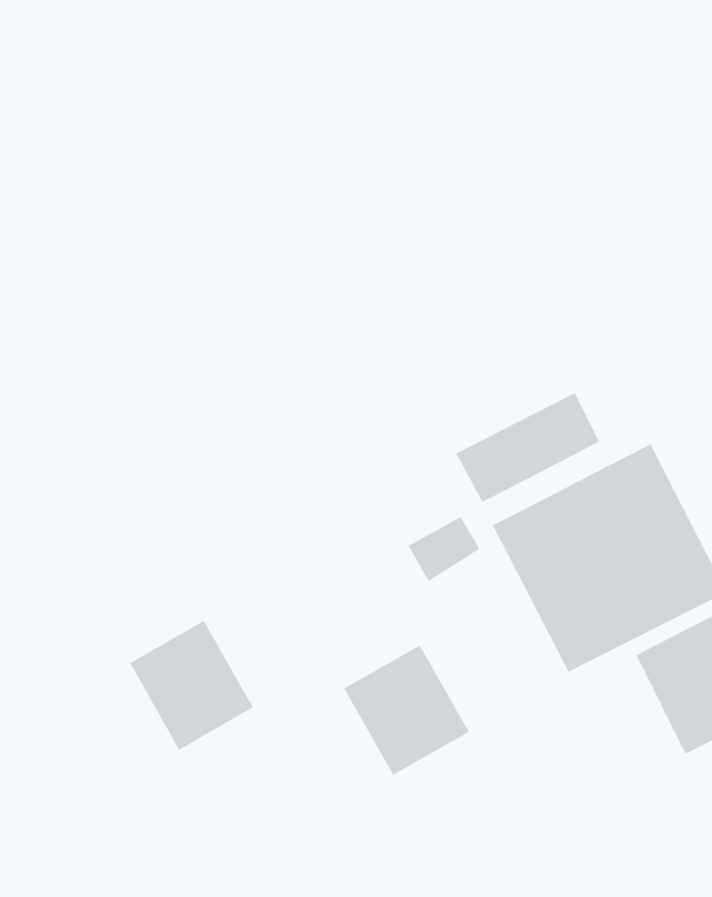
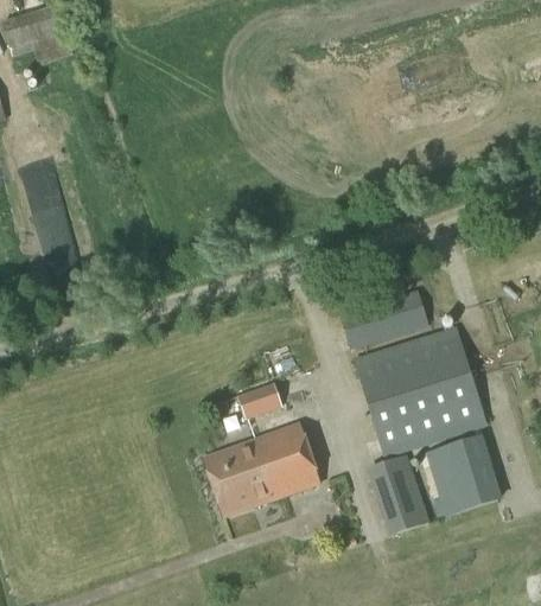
building: [408,516,481,582] -> [238,383,281,419]
building: [129,620,254,751] -> [202,441,270,516]
building: none -> [368,453,431,534]

